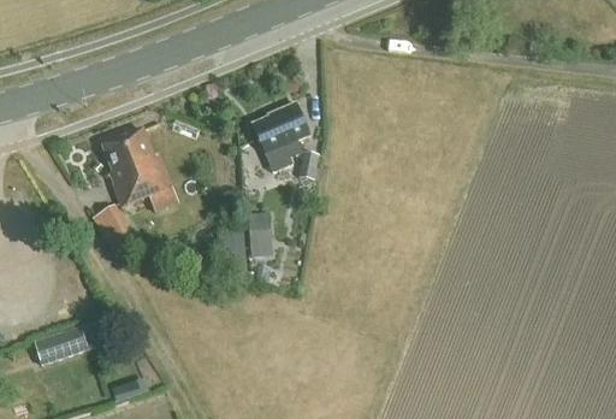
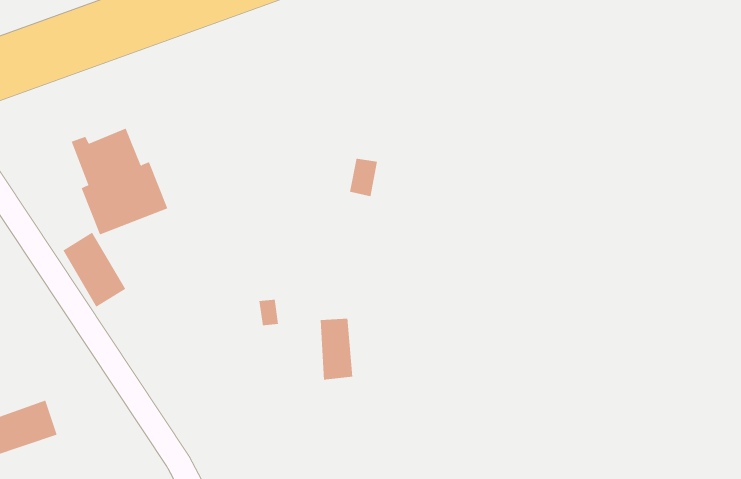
building: [254,102,309,171] -> none
building: [250,212,274,256] -> [320,318,353,380]

